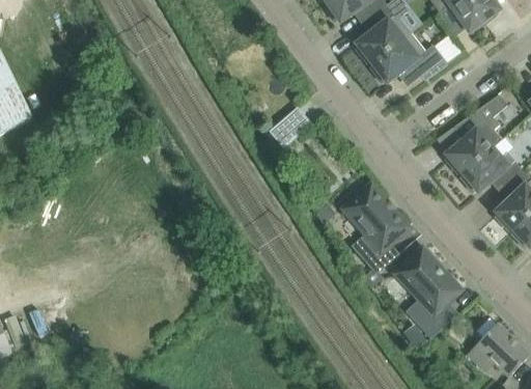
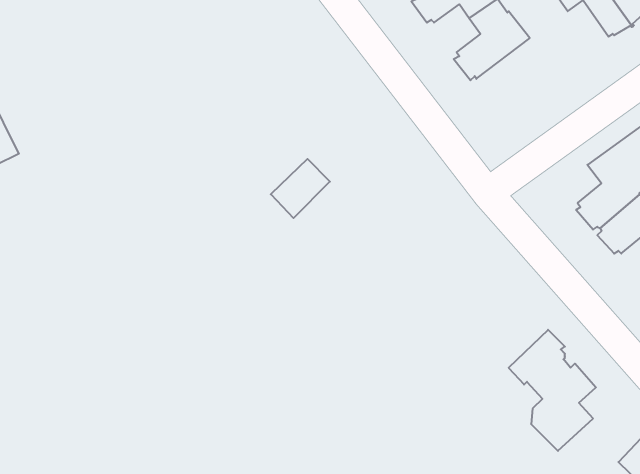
building: [370,32,444,87] -> none
building: [267,104,310,147] -> [271,159,330,218]
building: [345,186,407,273] -> none

